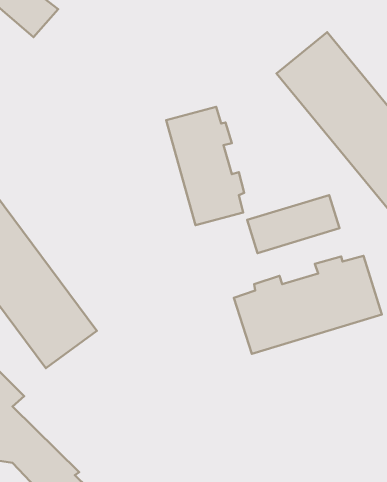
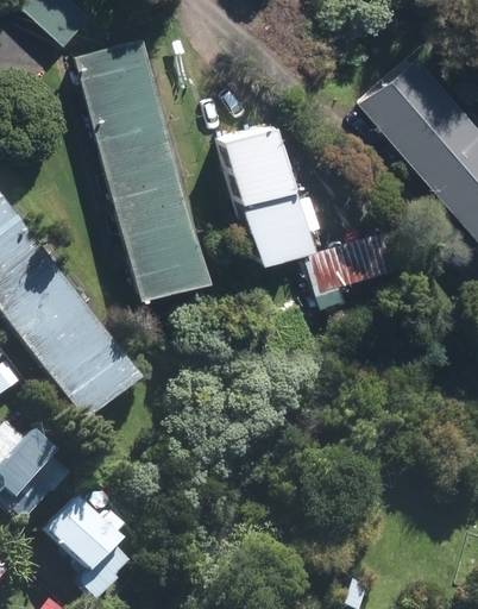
building: none -> [75,37,208,297]
building: [234,256,382,354] -> none

